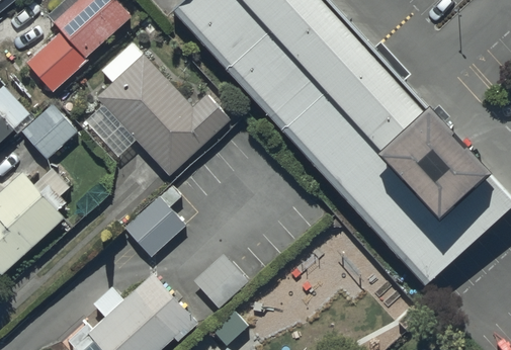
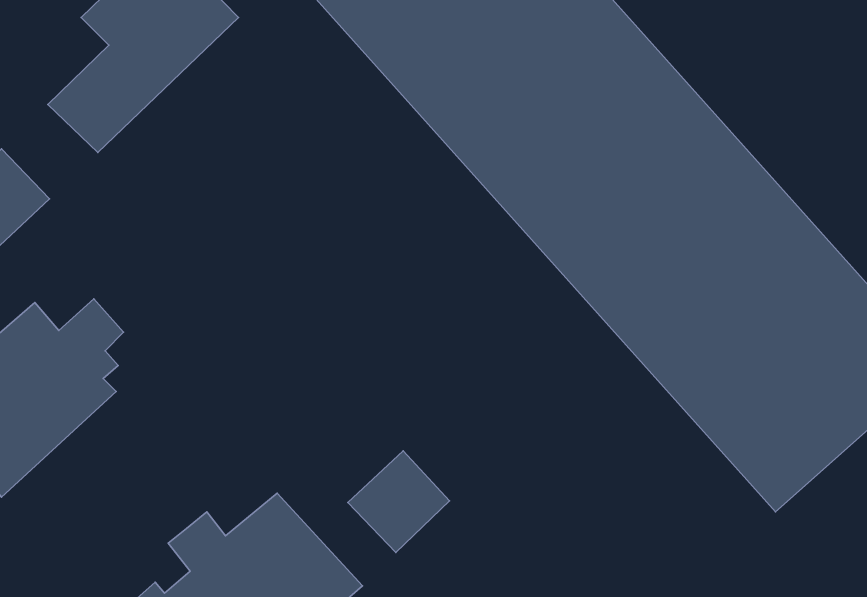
building: [84,40,230,176] -> none
building: [21,104,78,161] -> none
building: [123,184,186,258] -> none

